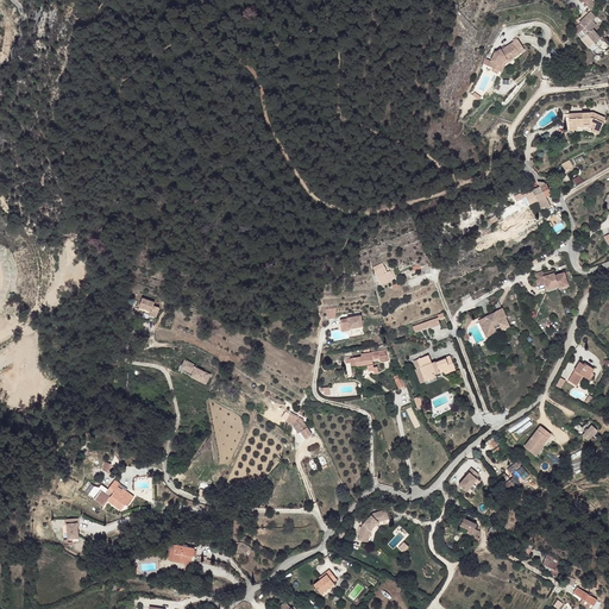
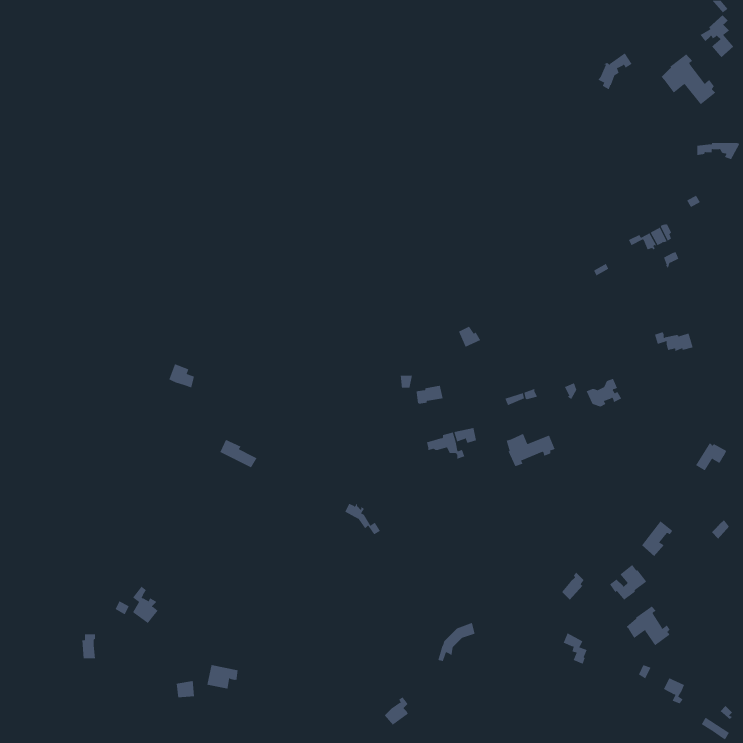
building: none -> [661,54,716,105]
building: none -> [626,606,670,646]

